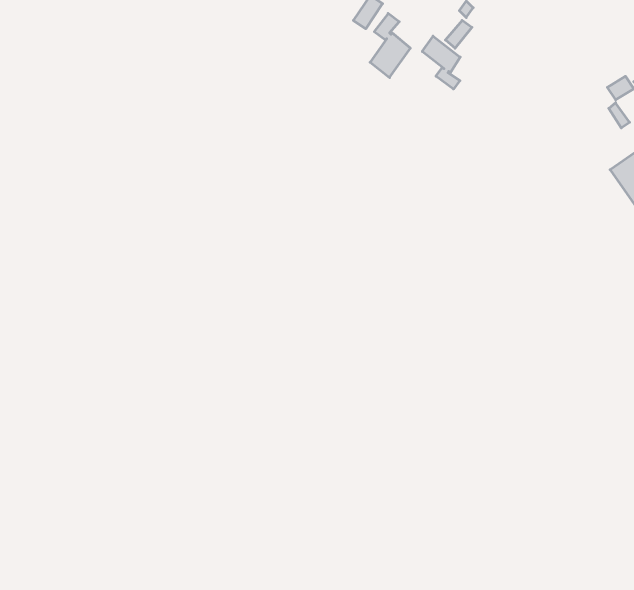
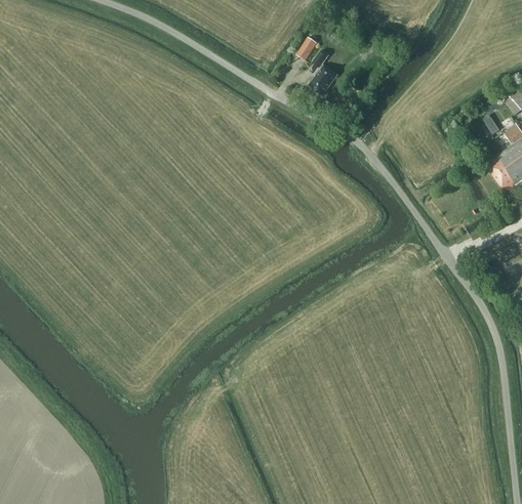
building: [422,36,460,89] -> none

